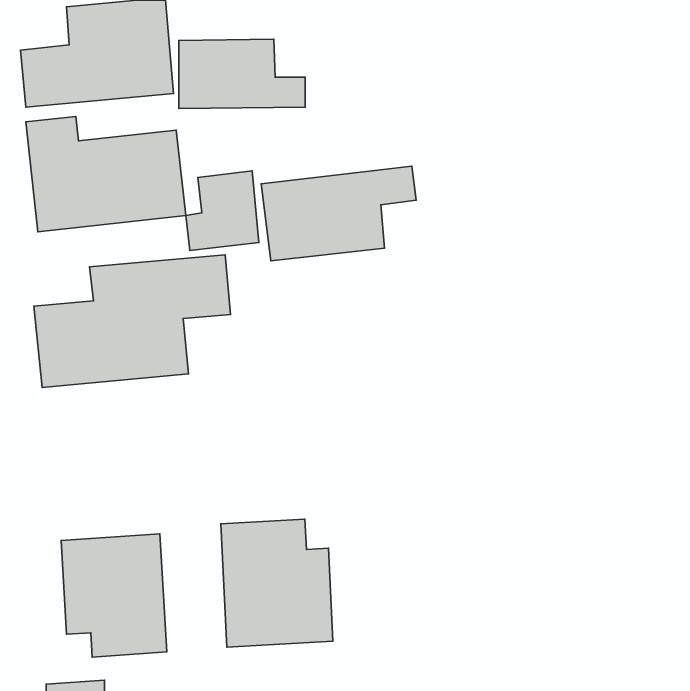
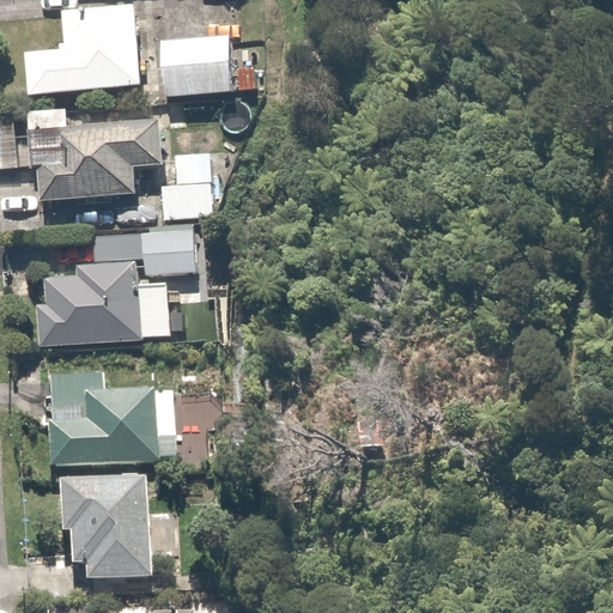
building: [261,166,416,261] -> none
building: none -> [41,378,157,466]
building: [221,519,333,647] -> none

